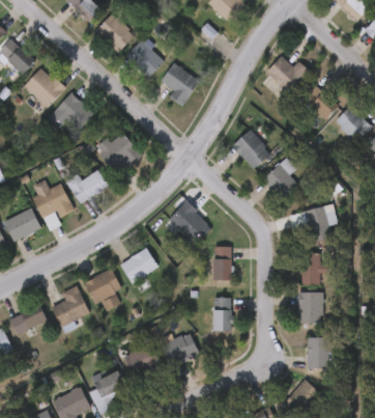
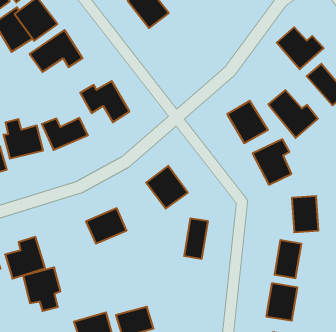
building: [162,62,200,106] -> none
building: none -> [268,90,318,138]
building: [85,268,121,309] -> [23,267,60,311]
building: [215,298,232,330] -> none

